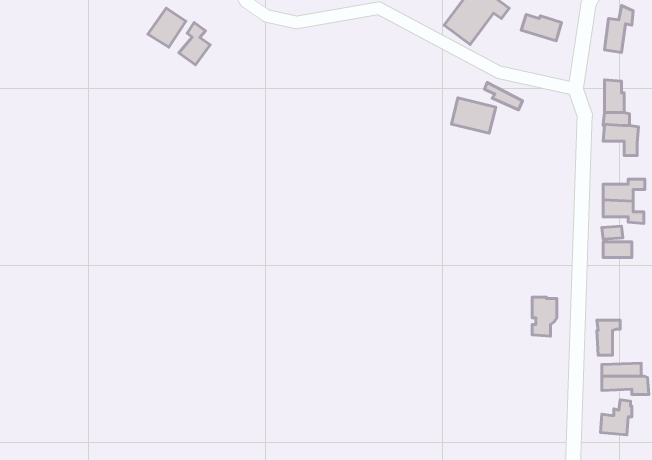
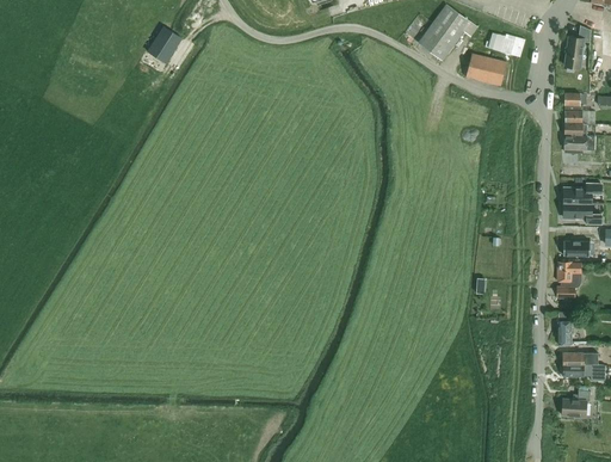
building: [179,22,210,65] -> none
building: [451,98,496,133] -> [465,54,506,86]
building: [532,297,557,336] -> [557,263,580,298]

